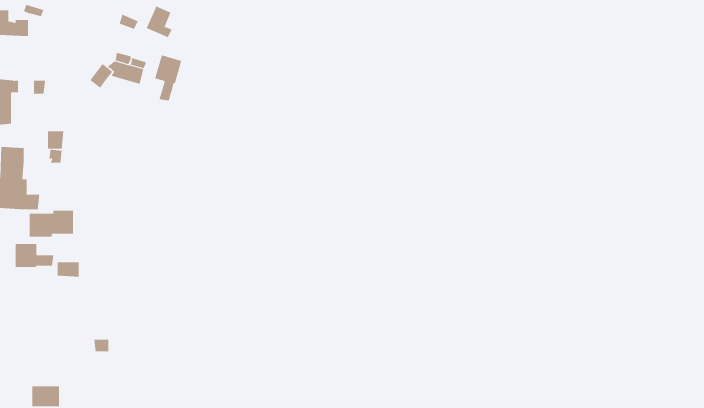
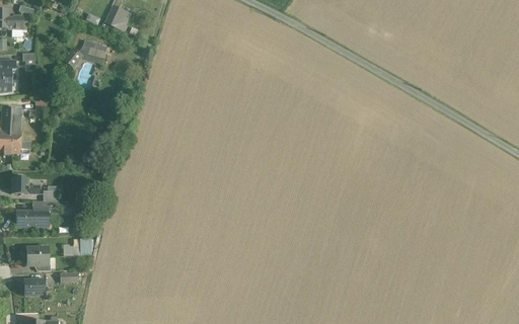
building: [154,55,182,101] -> none
building: [29,210,74,237] -> [15,208,48,227]
building: none -> [25,246,49,265]

